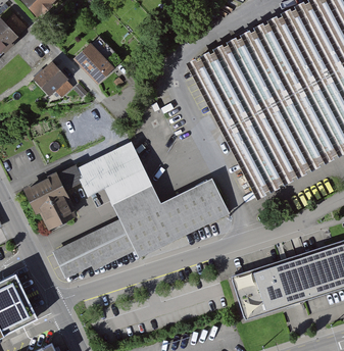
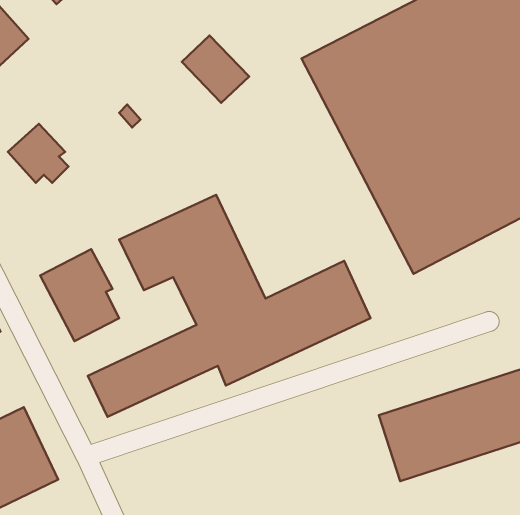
building: [73,43,115,85] -> [182,35,249,103]
building: [33,63,70,100] -> [8,124,69,183]

